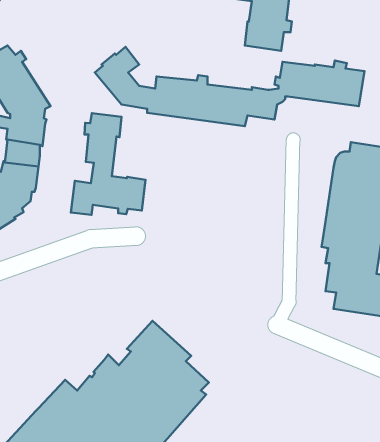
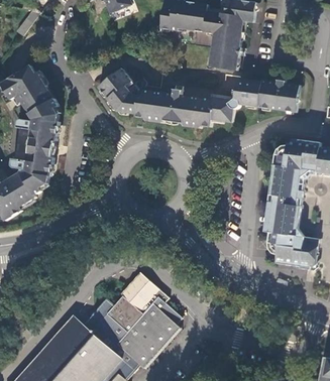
building: [71,113,146,215] -> none

